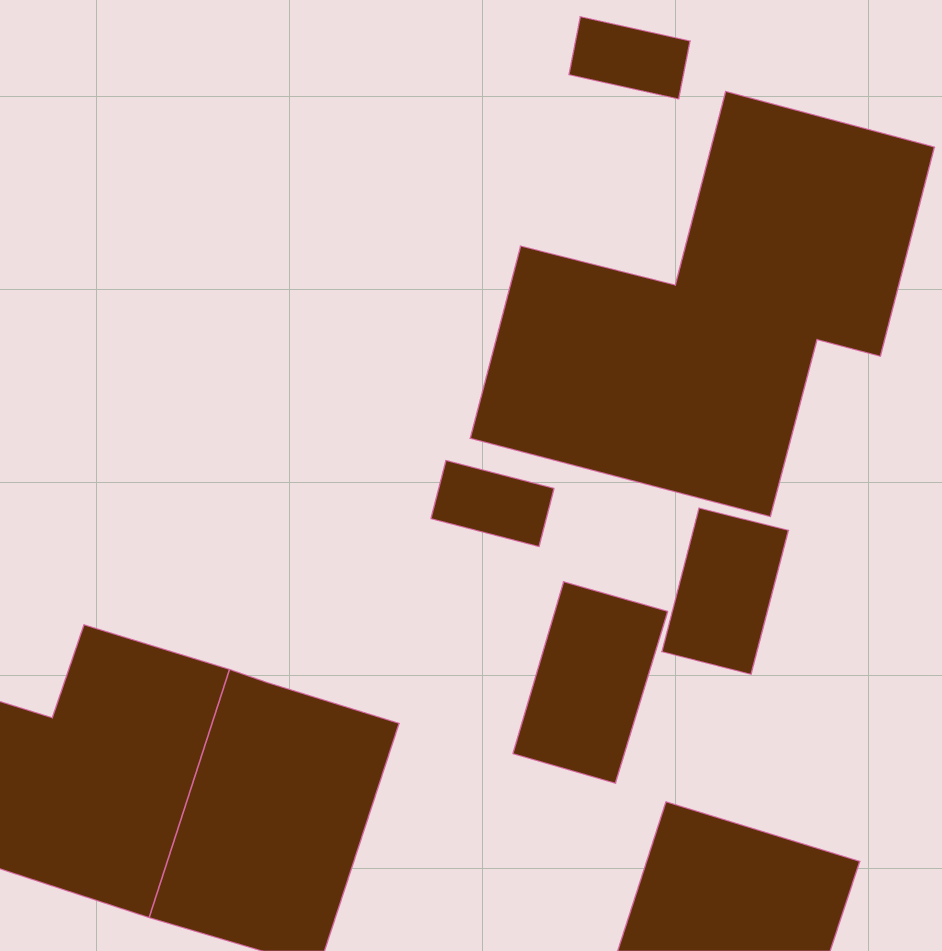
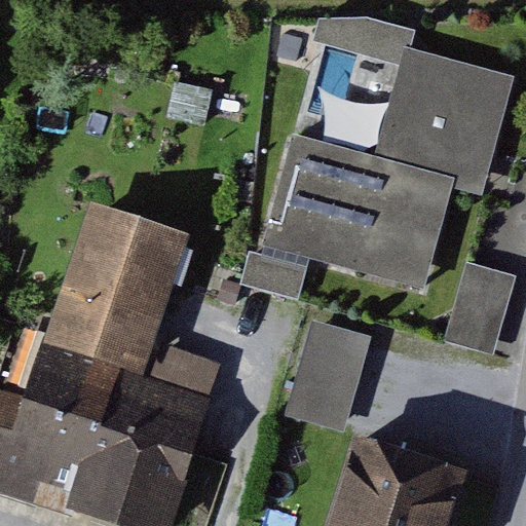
building: none -> [46,197,193,376]
building: [662,508,789,674] -> [441,263,511,354]

